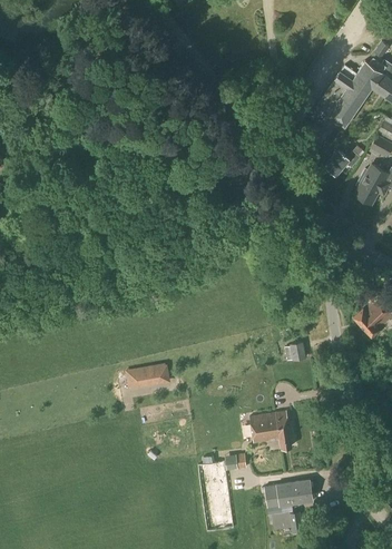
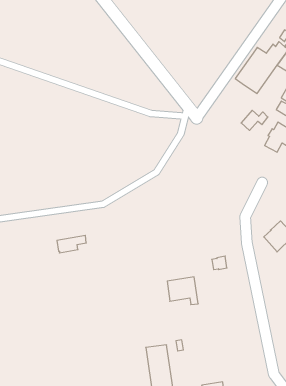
building: [128,364,167,388] -> [57,235,86,253]
building: [251,411,292,448] -> [167,277,198,305]
building: [265,479,314,508] -> none

